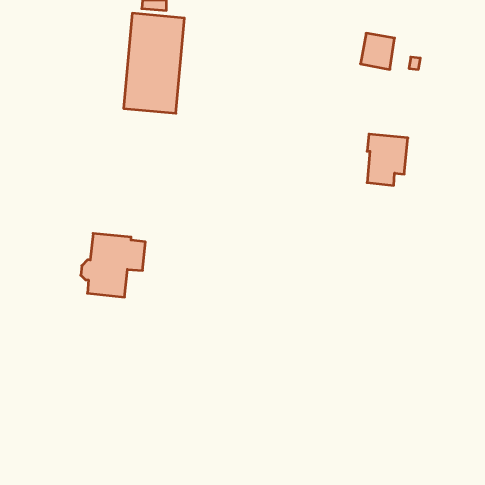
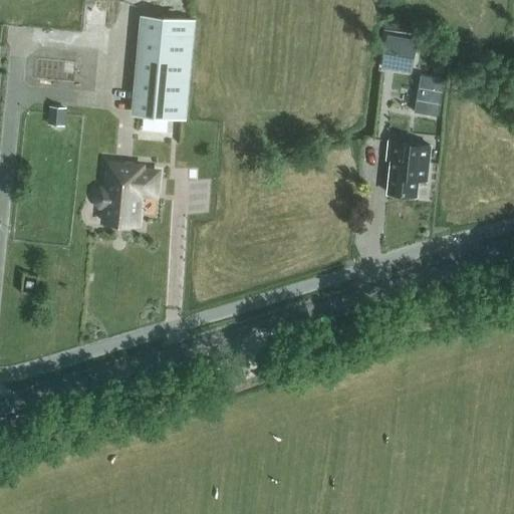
building: none -> [413,74,447,117]
building: [81,233,145,297] -> [93,162,162,229]

